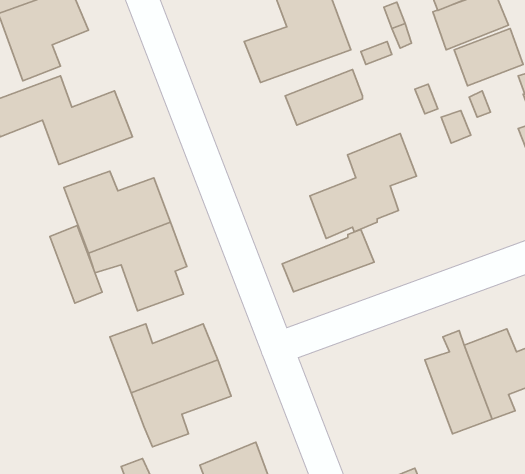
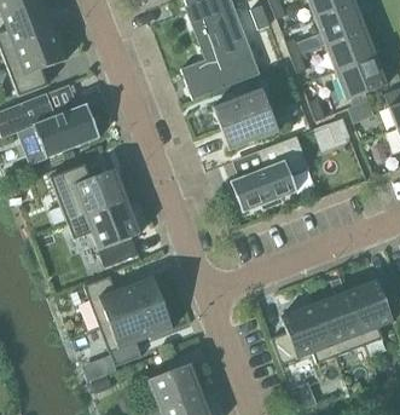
building: [50,226,102,303] -> none
building: [282,229,374,292] -> [220,104,288,150]
building: none -> [269,302,335,365]

